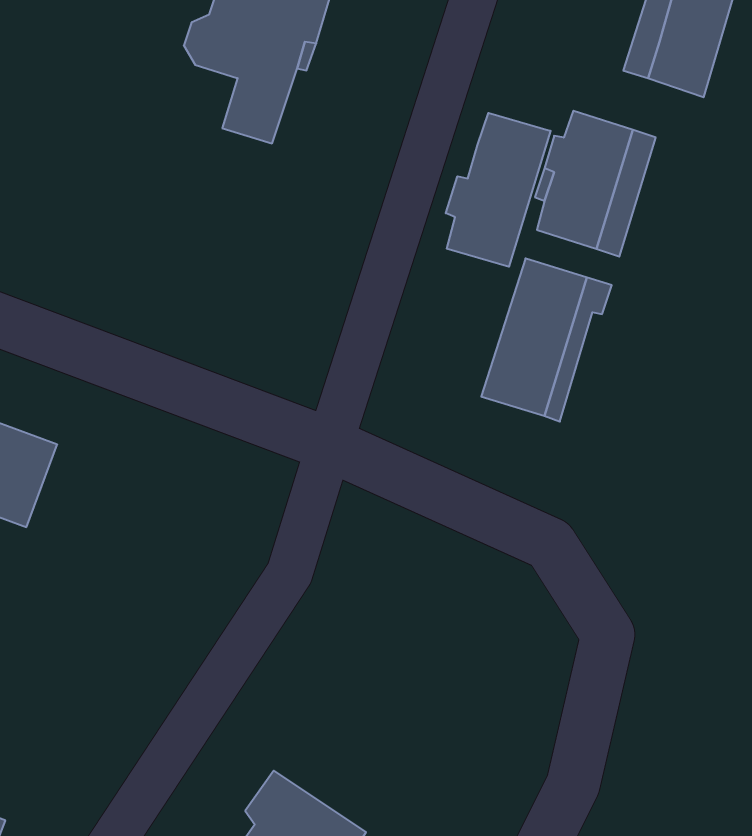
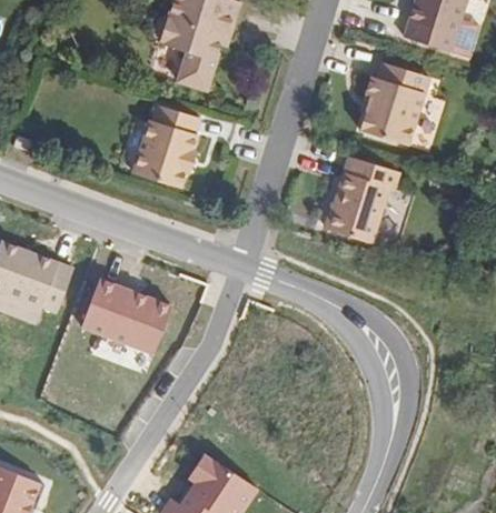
building: [446,113,551,267] -> none
building: none -> [130,108,198,191]
building: none -> [79,275,169,350]

